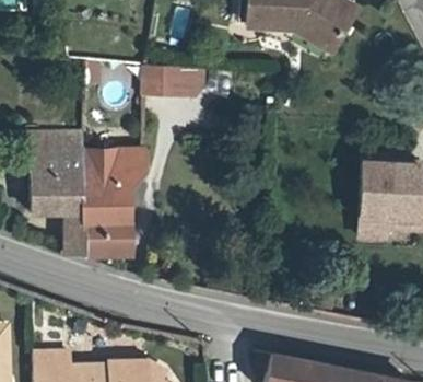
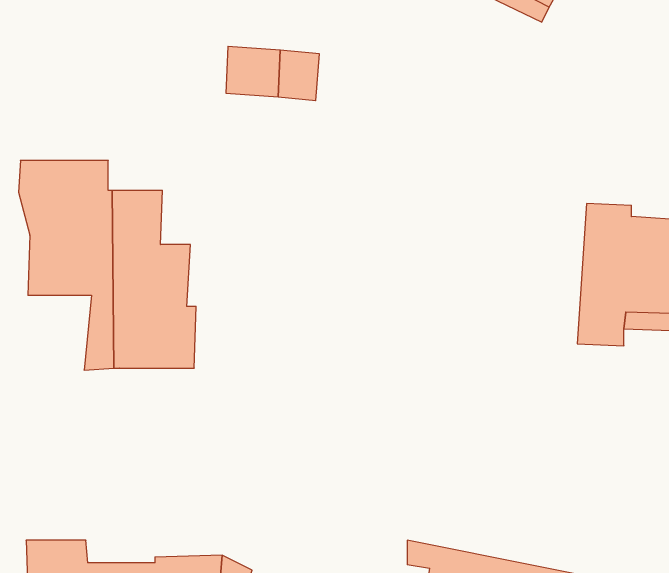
building: [113,149,148,181] -> none

